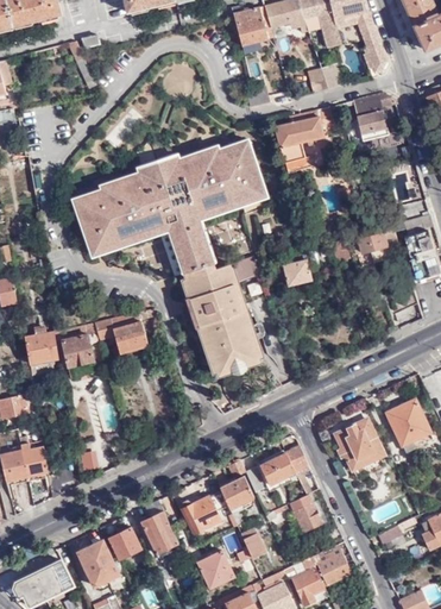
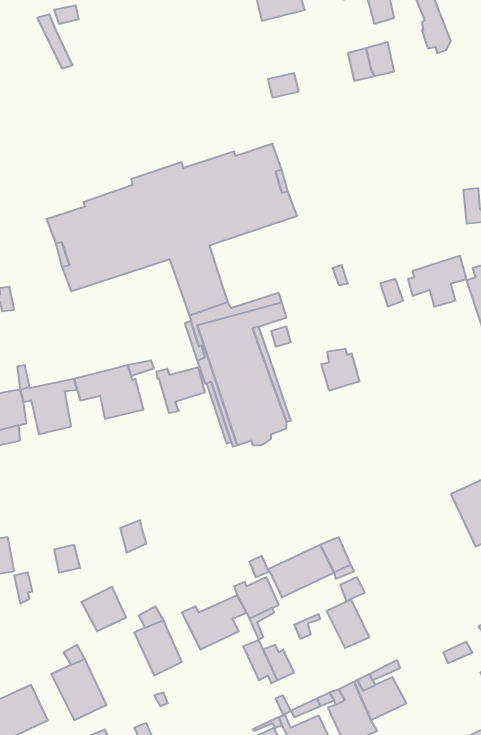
building: [353,93,397,142] -> none
building: [273,106,332,175] -> none
building: [282,255,311,287] -> [321,349,360,390]
building: none -> [157,367,205,413]
building: [336,421,385,478] -> none
building: [107,526,141,560] -> [81,587,126,631]
building: [199,551,234,589] -> none

